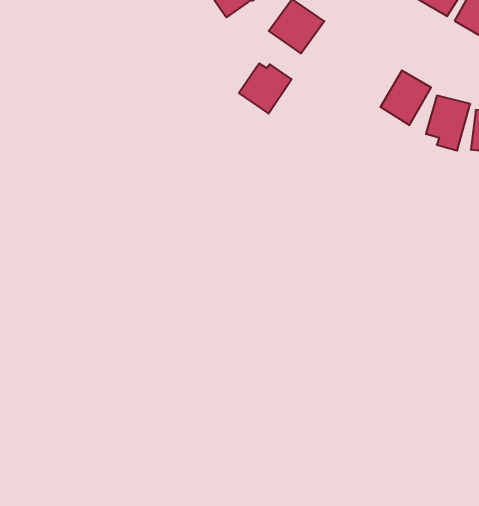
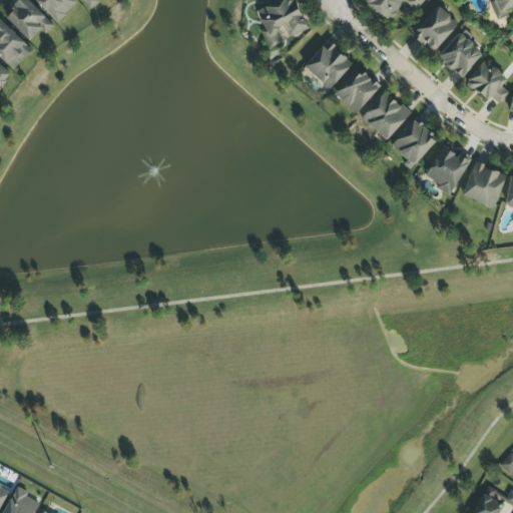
building: none -> [362,91,411,140]
building: [239,64,292,114] -> [333,69,381,114]

